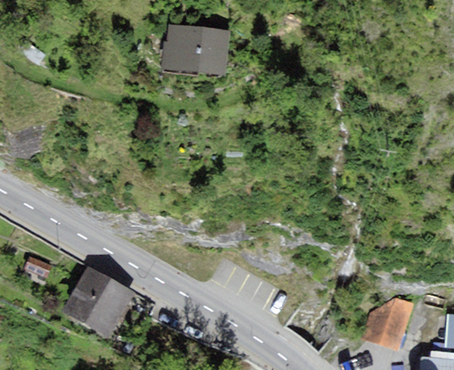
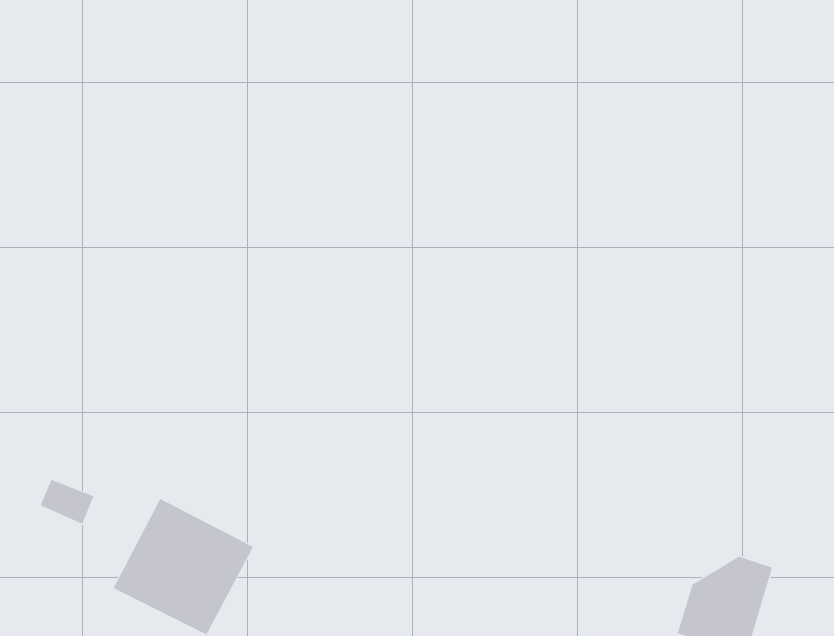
building: [160,24,231,75] -> none

